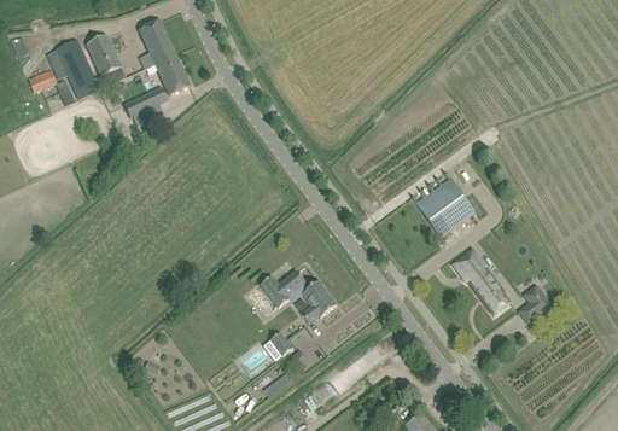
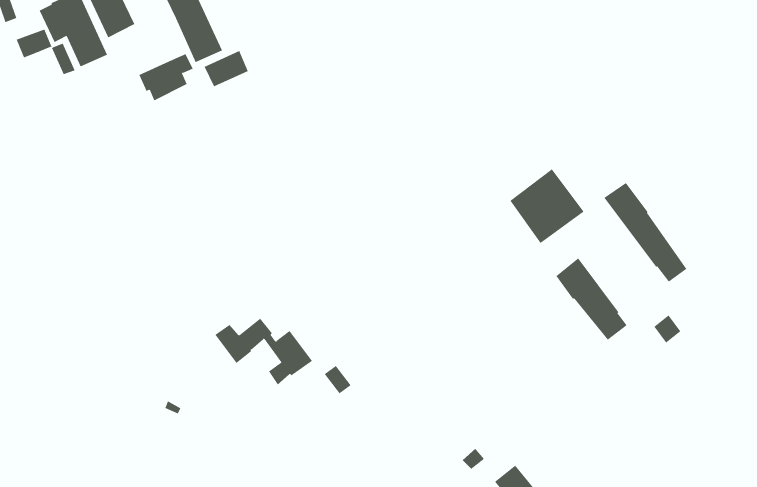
building: none -> [204,50,248,87]
building: none -> [603,182,687,283]
building: [258,270,336,324] -> [215,318,313,385]

